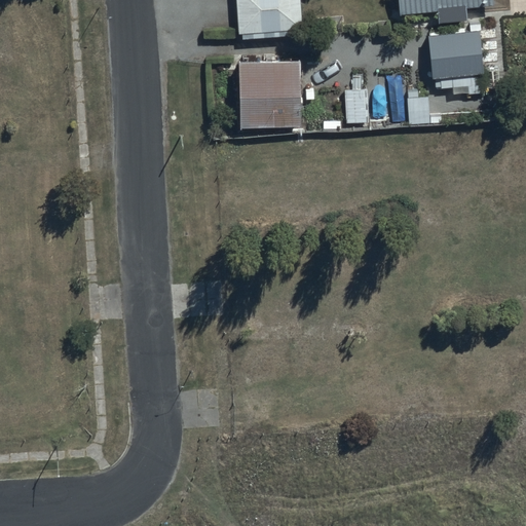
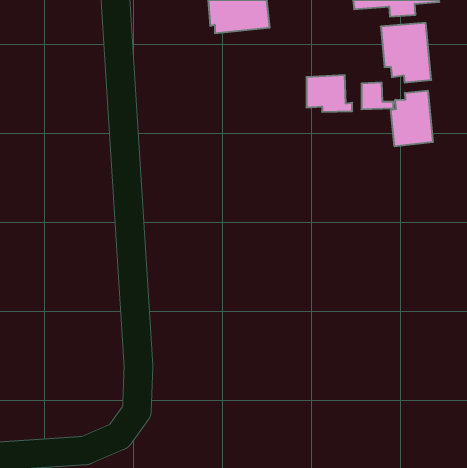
building: [238,58,300,123] -> none
building: none -> [391,91,433,146]

